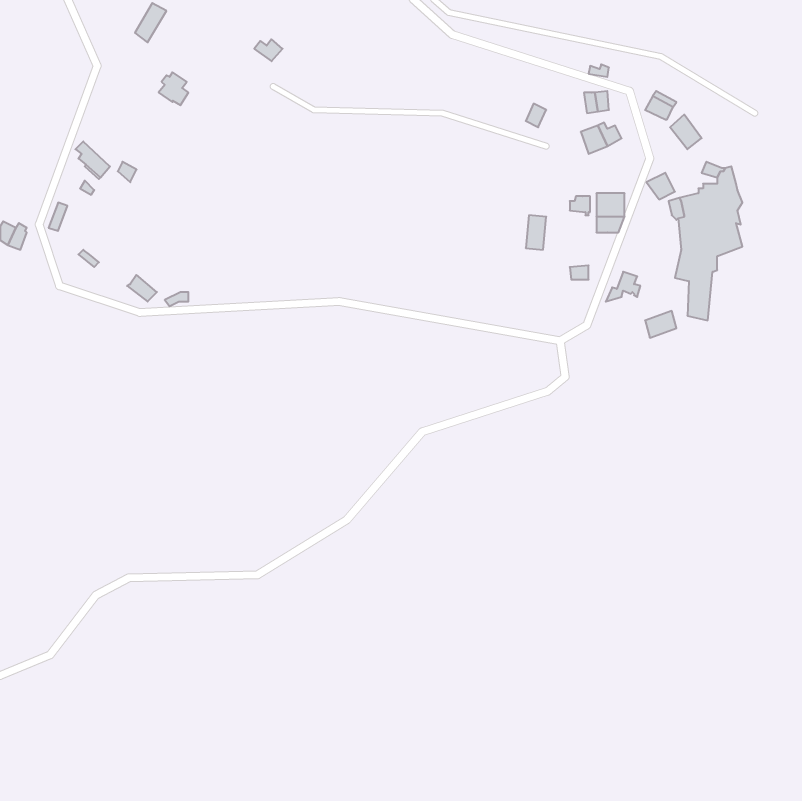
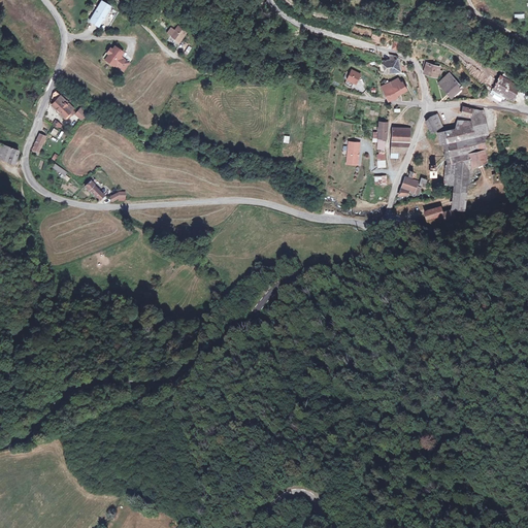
building: none -> [493,72,522,100]

